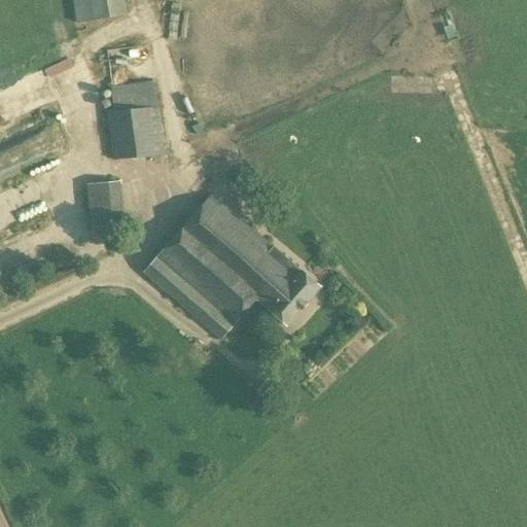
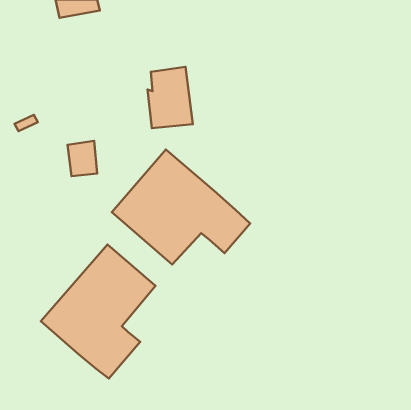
building: [107,80,165,159] -> [148,67,193,128]
building: none -> [41,244,155,378]

